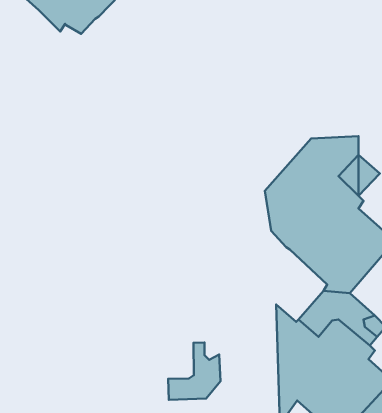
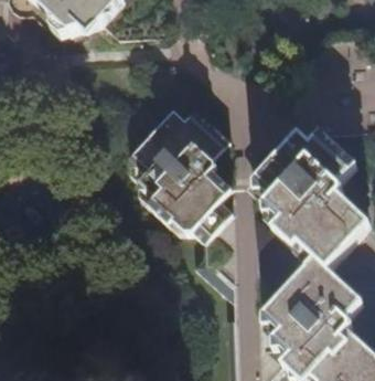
building: none -> [125,108,235,242]
building: [168,343,220,400] -> none

